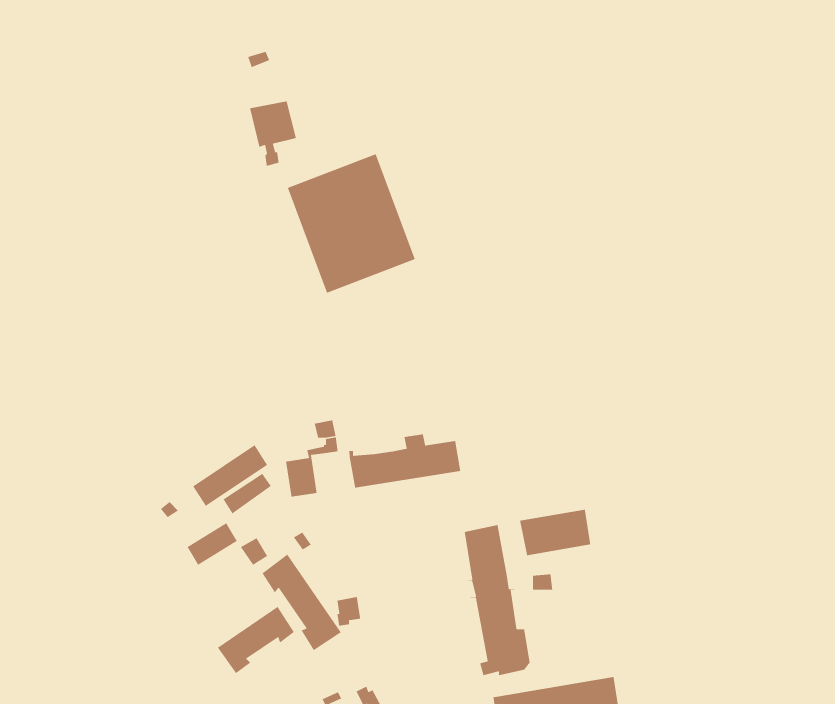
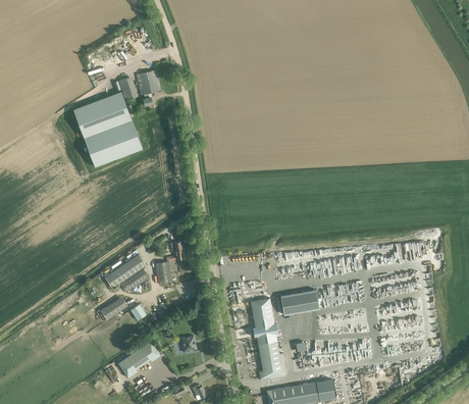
building: [287,153,416,294] -> [72,91,142,166]
building: [348,433,461,488] -> none
building: [261,554,342,651] -> none

